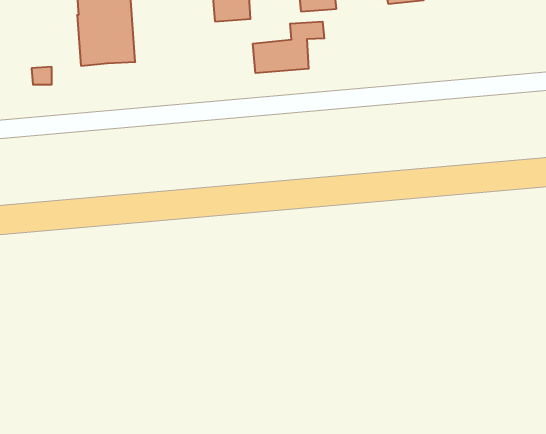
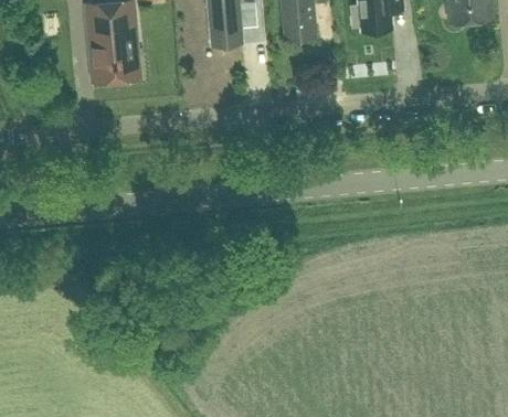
building: [253,22,324,73] -> none

